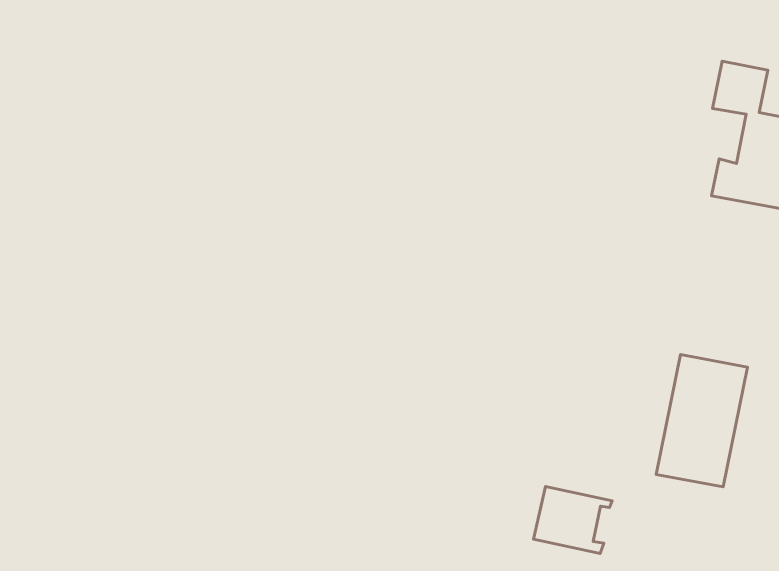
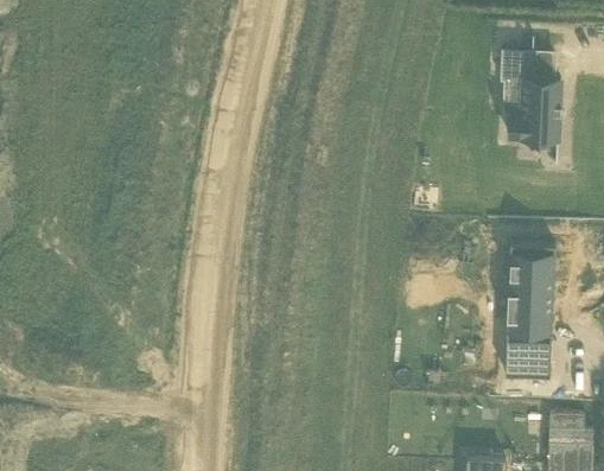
building: [533,486,612,553] -> [501,344,548,382]

